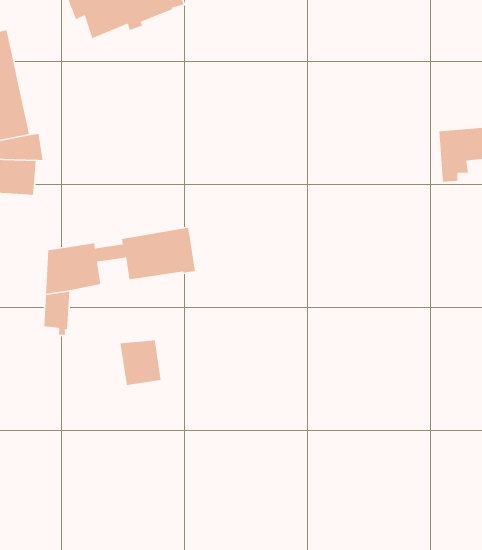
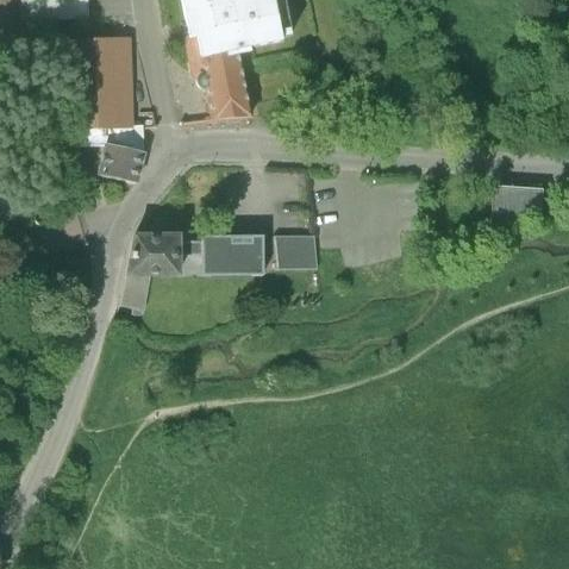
building: none -> [189,32,254,117]
building: none -> [276,233,320,267]
building: [119,339,161,386] -> none

